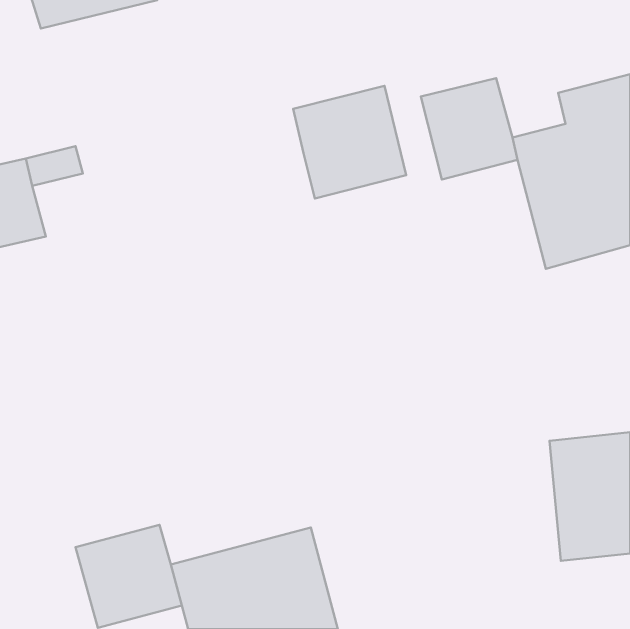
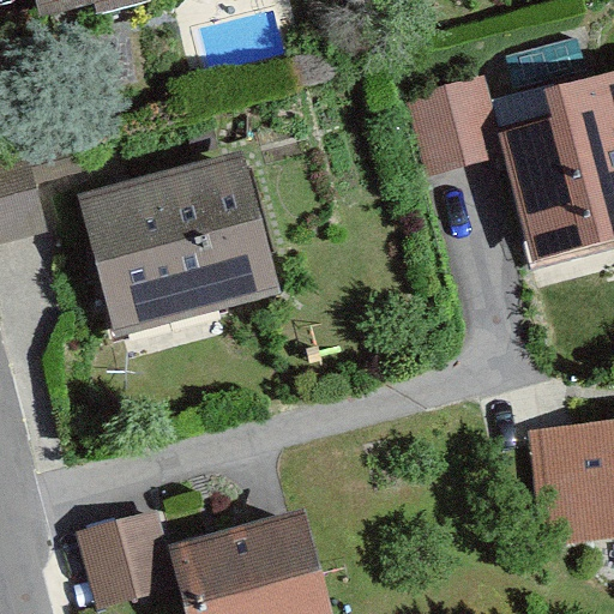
building: [293,86,406,199] -> none
building: none -> [83,154,290,339]

